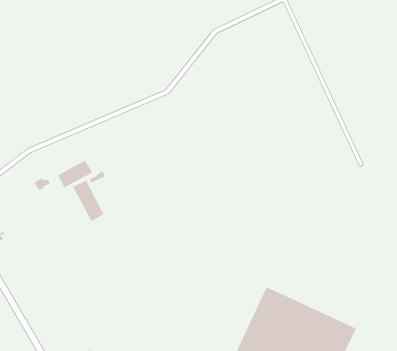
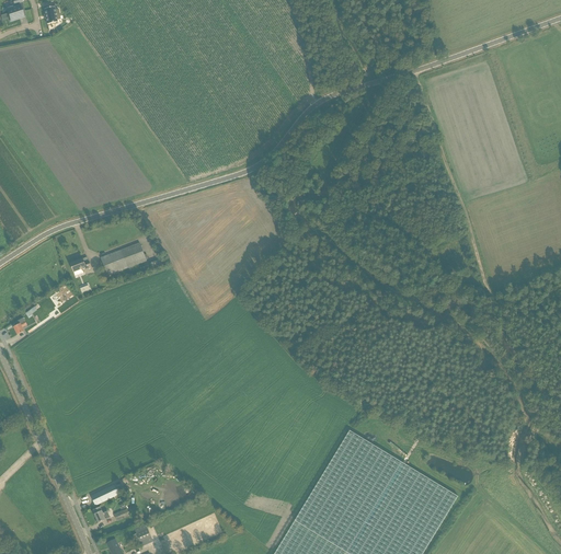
building: [72,180,104,222] -> none

